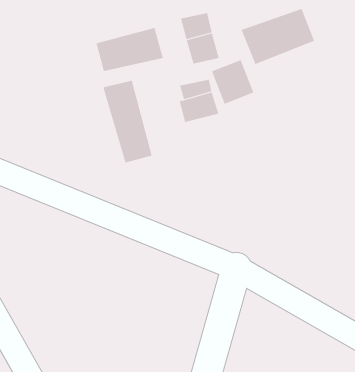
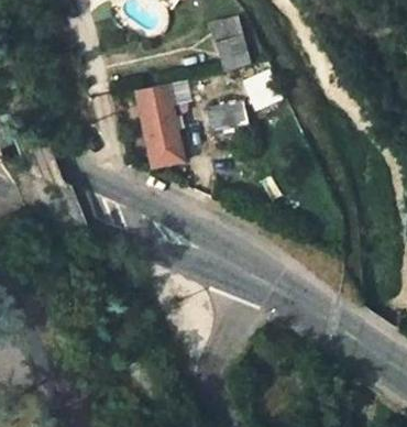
building: [241,8,315,65] -> none
building: [96,27,163,72] -> none

